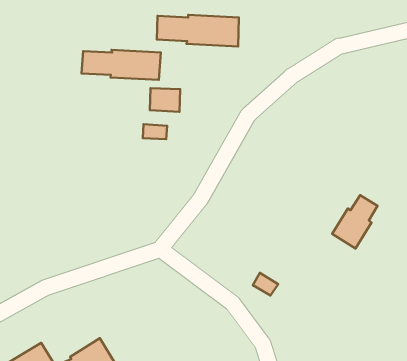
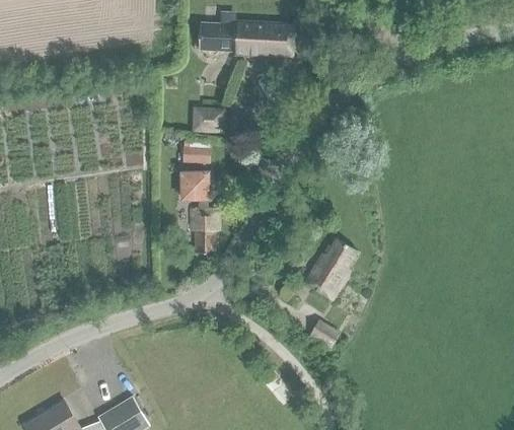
building: [82,50,161,80] -> none
building: none -> [182,173,216,254]
building: [332,195,378,249] -> [303,238,356,300]

